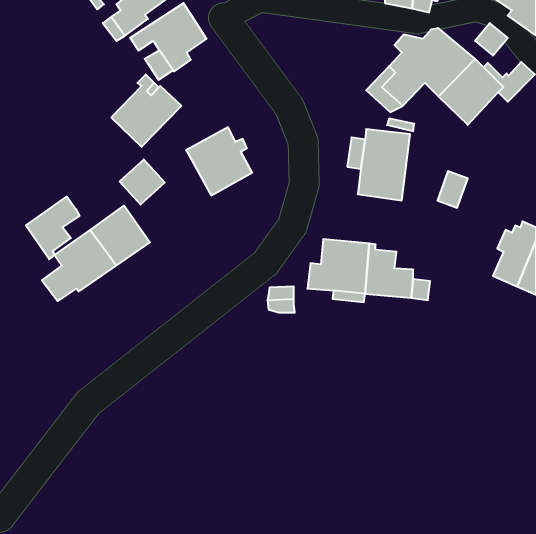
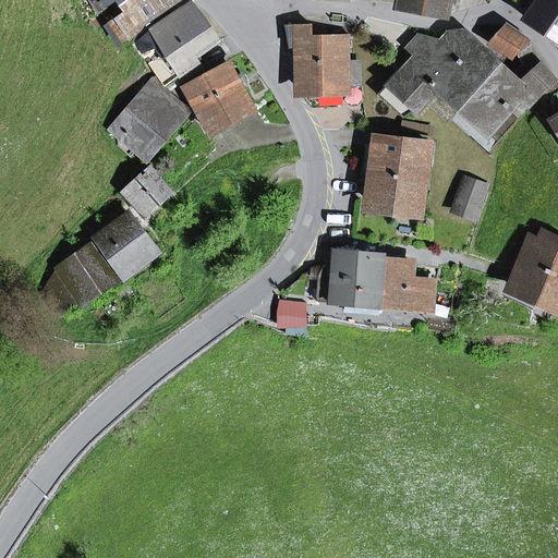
building: none -> [287,23,363,97]
building: [186,127,252,195] -> [184,61,253,132]
building: [26,197,80,259] -> none

